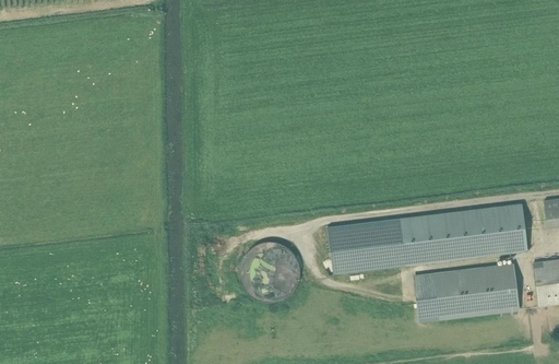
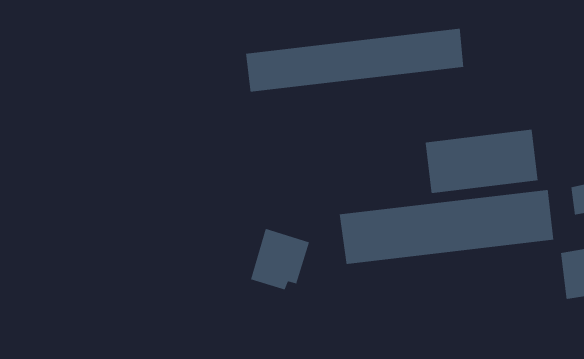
building: none -> [245,28,464,93]
building: [413,262,519,322] -> [425,129,538,194]

